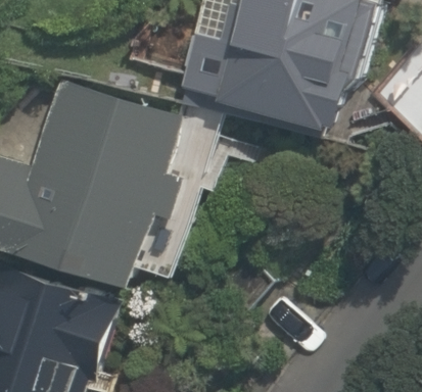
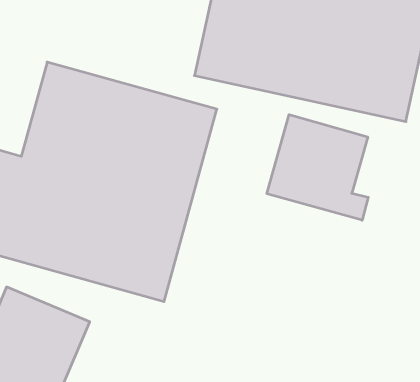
building: none -> [267,115,368,220]

